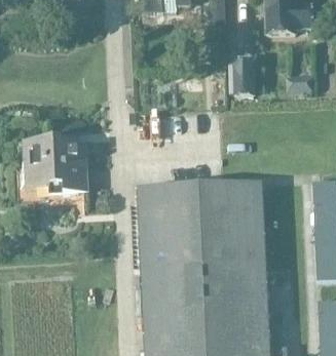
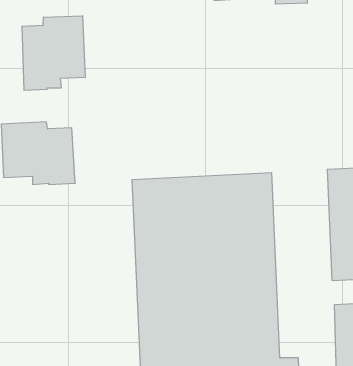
building: none -> [22,16,85,90]
building: [234,58,252,91] -> none

